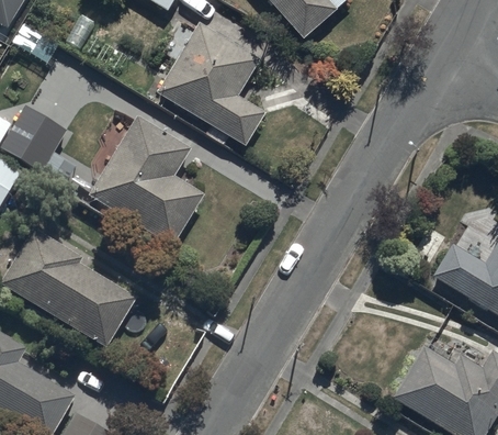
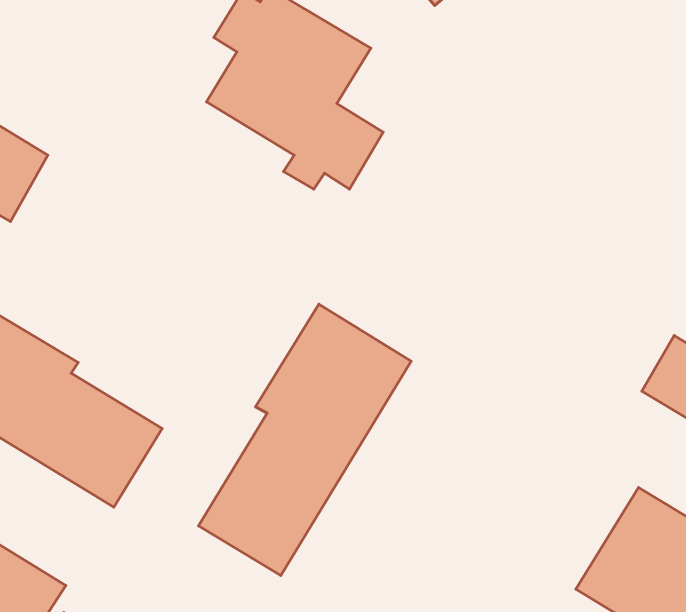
building: [86,112,204,246] -> none
building: none -> [199,304,411,575]

